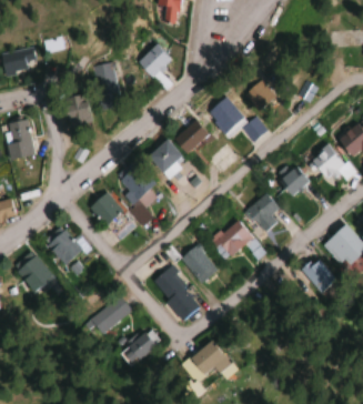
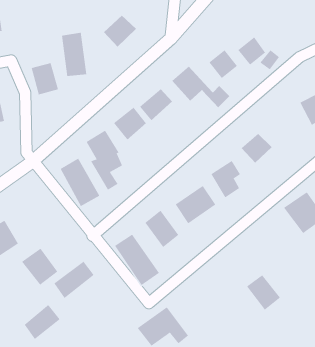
building: none -> [238,37,266,66]
building: [311,144,345,179] -> none
building: [46,225,83,264] -> [21,248,58,286]
building: [299,257,334,294] -> [246,275,281,310]
building: [113,332,151,368] -> [24,304,61,340]

